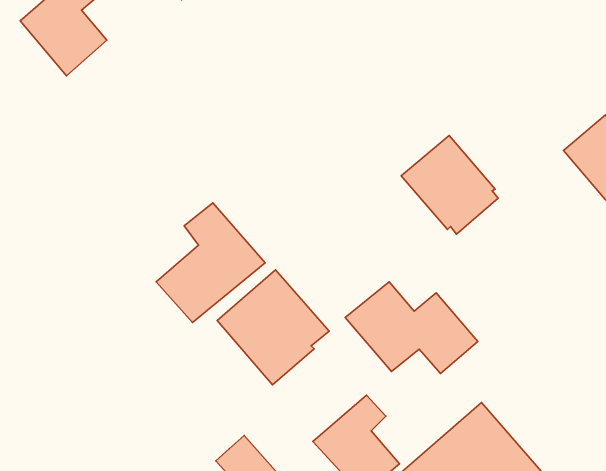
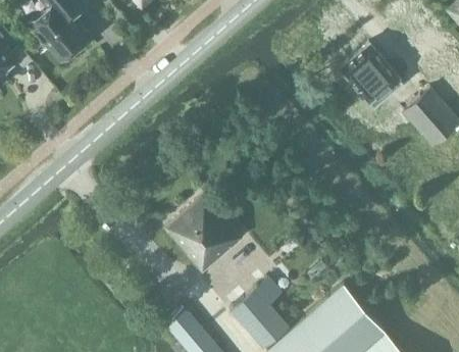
building: [401,136,498,234] -> [339,44,405,111]
building: [156,203,265,323] -> none
building: [345,282,478,374] -> none

